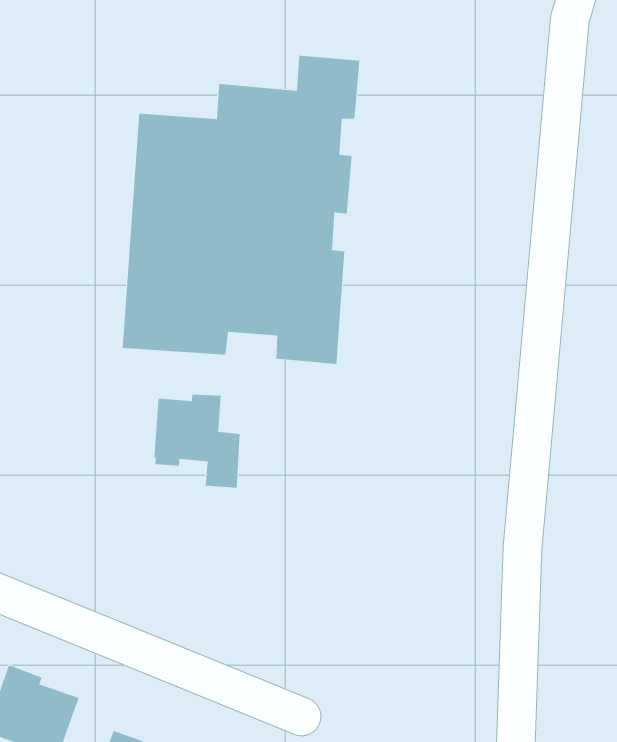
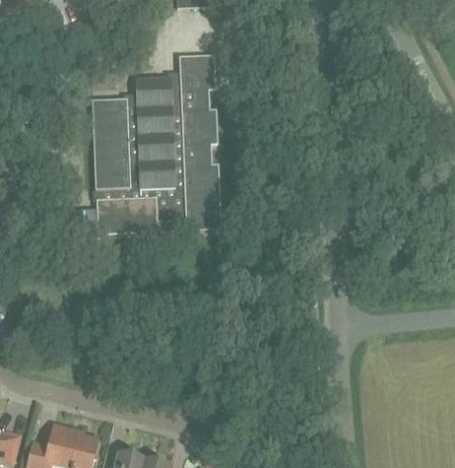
building: [154,394,240,488] -> none

